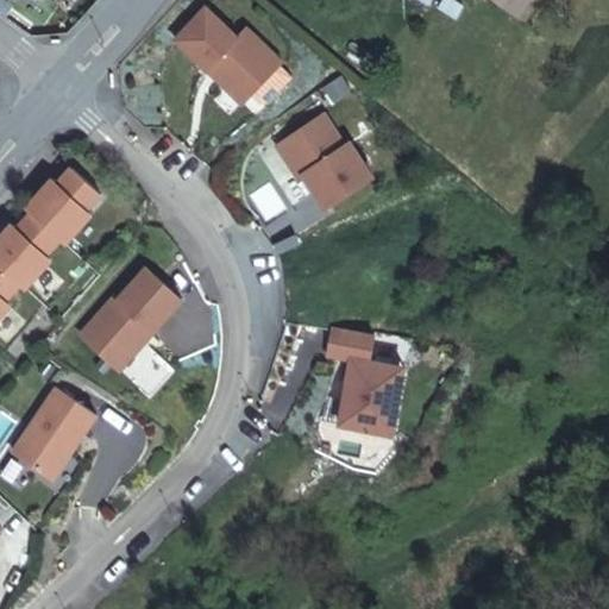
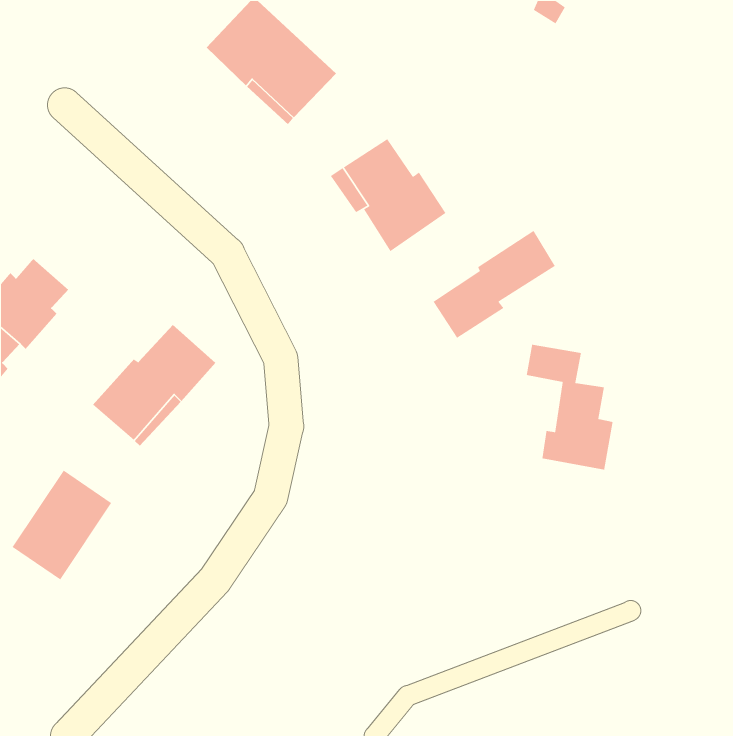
building: [25,168,99,244] -> none
building: none -> [433,230,556,339]
building: [326,328,398,433] -> [526,344,614,470]

